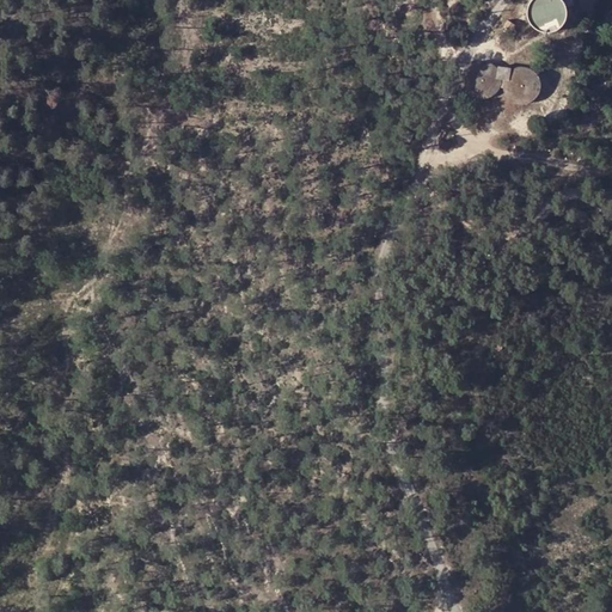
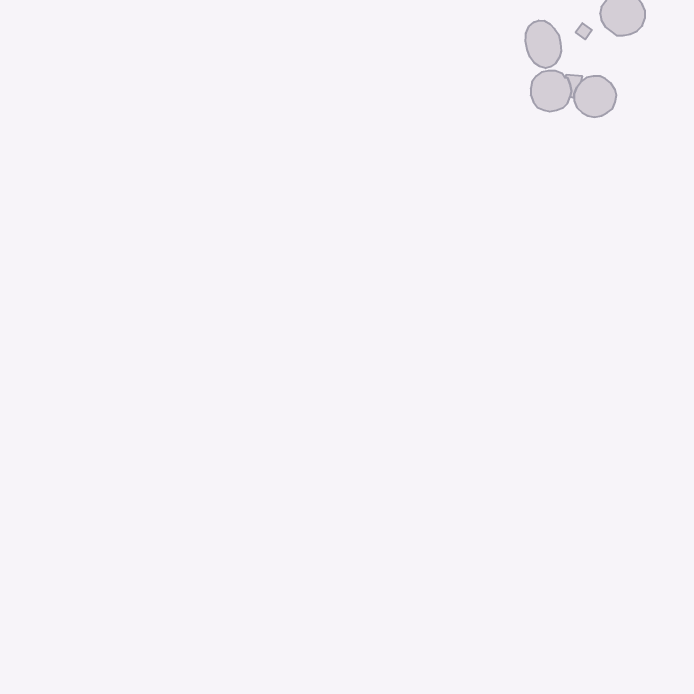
building: none -> [525,20,561,68]

